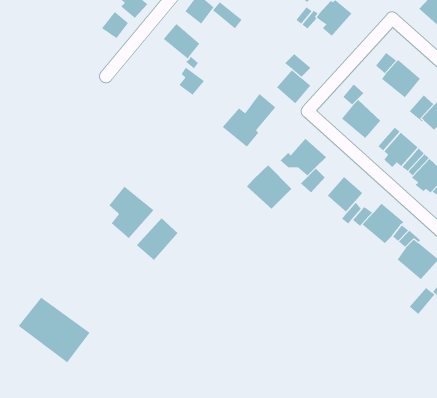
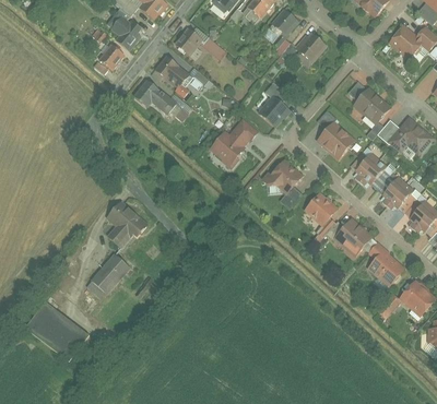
building: none -> [134,79,175,112]
building: [246,165,292,209] -> none
building: [136,217,178,261] -> [91,253,129,293]

